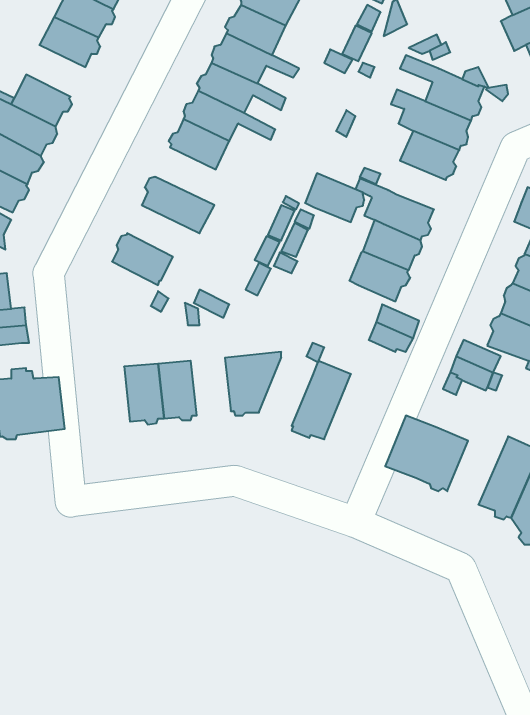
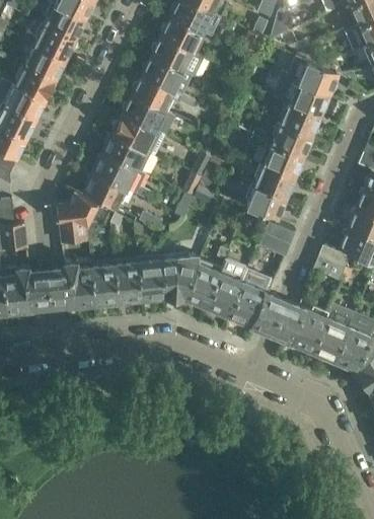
building: none -> [24,46,65,81]
building: none -> [113,116,162,155]
building: [305,173,364,222] -> [272,125,312,158]
building: none -> [93,155,145,199]
building: none -> [56,195,113,244]
building: none -> [137,258,164,300]
building: none -> [47,262,95,308]
building: none -> [183,263,220,306]
building: none -> [228,281,284,333]
building: none -> [312,304,354,361]

